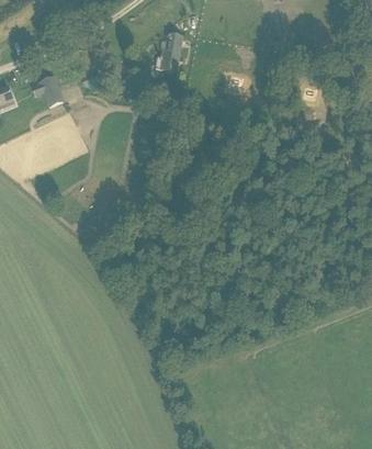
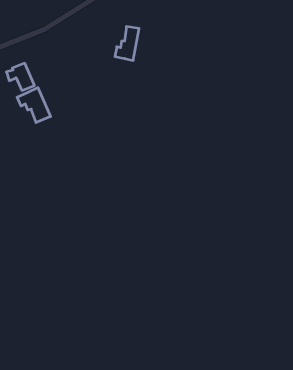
building: none -> [17,88,51,123]

